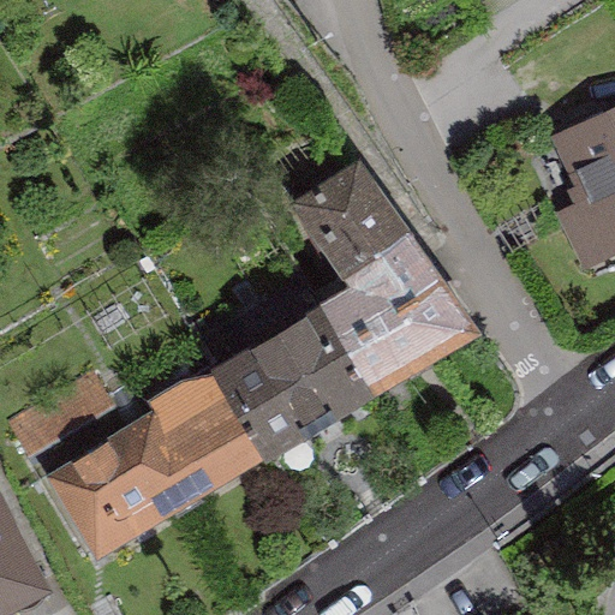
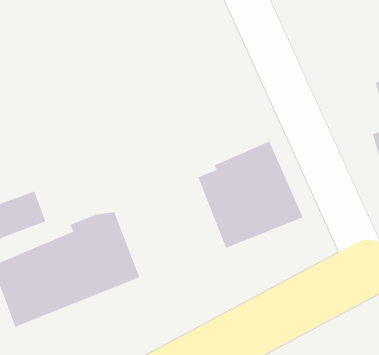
building: [286,156,412,285] -> none
building: [209,305,374,466] -> none

